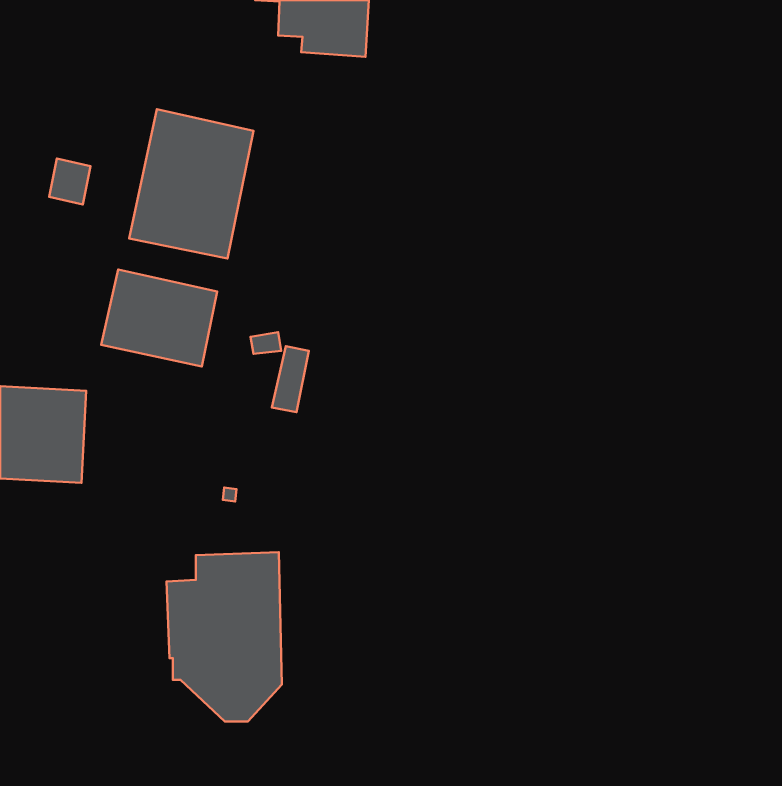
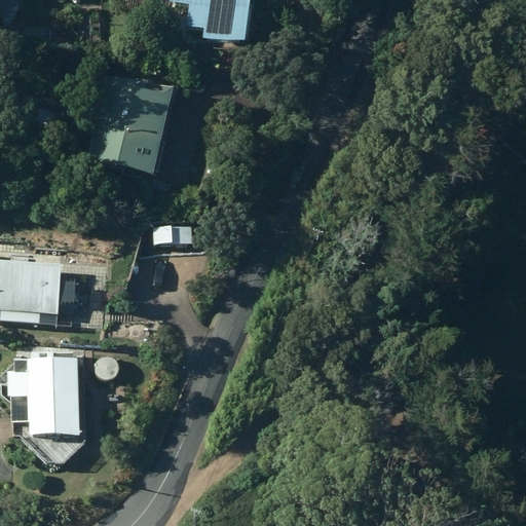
building: [101,269,217,366] -> none
building: [167,552,282,721] -> [9,350,86,463]

